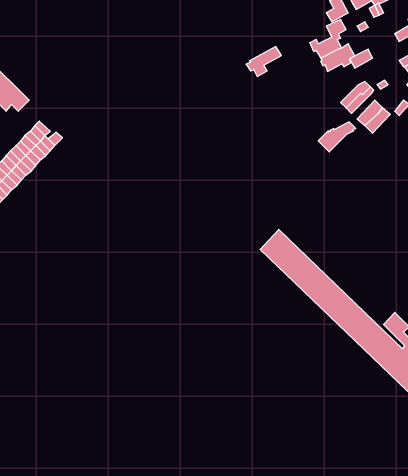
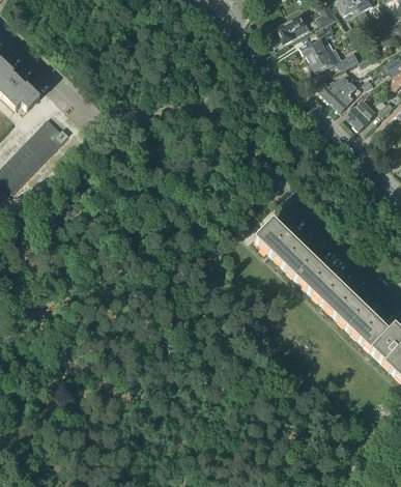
building: [246,47,281,76] -> [275,15,308,42]
building: [318,122,356,152] -> [320,74,355,102]

